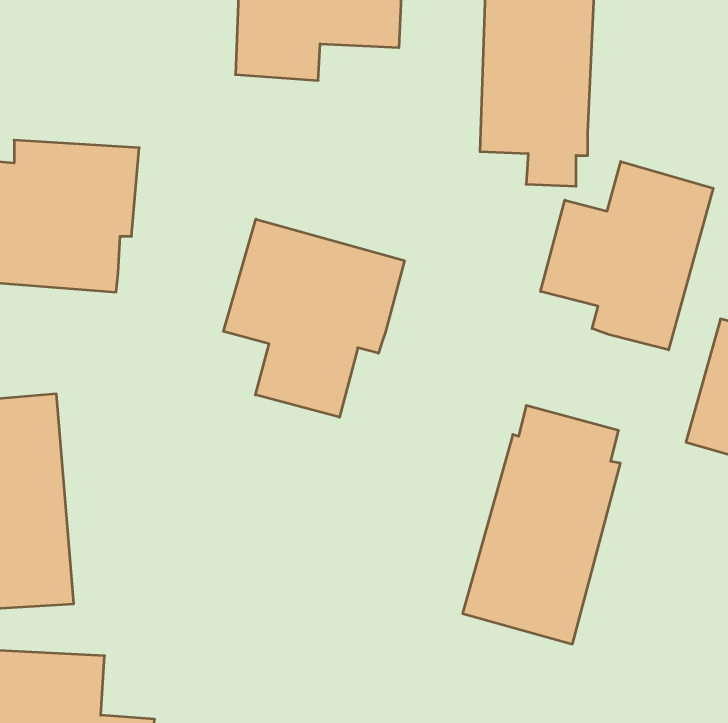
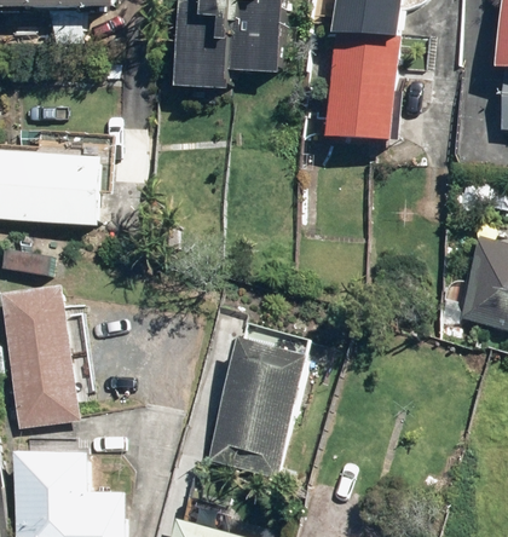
building: [541,161,713,350] -> none
building: [223,219,404,417] -> none
building: [463,406,620,644] -> [207,321,306,470]

